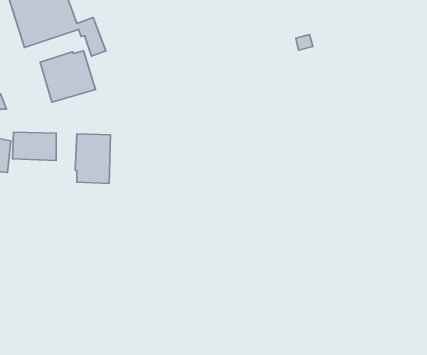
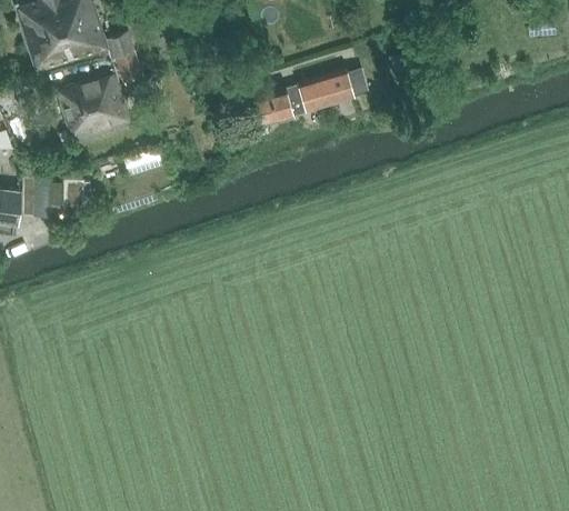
building: none -> [248,67,368,126]
building: [75,134,111,184] -> none

